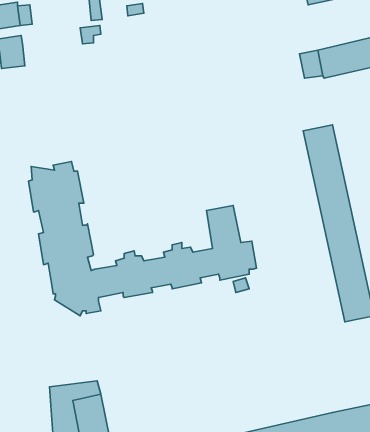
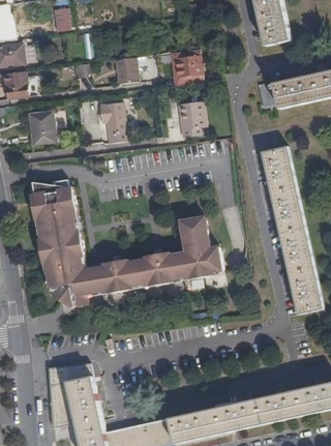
building: none -> [170,50,203,86]
building: none -> [114,58,139,84]
building: none -> [98,101,125,135]
building: none -> [178,101,205,137]
building: none -> [27,113,55,146]

